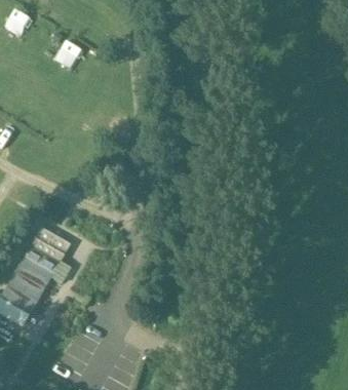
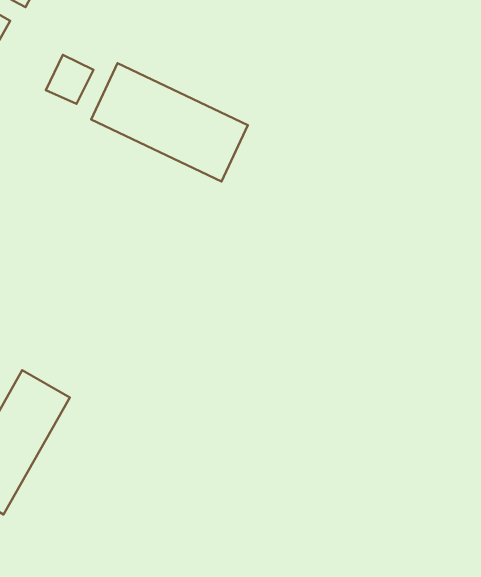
building: none -> [91,63,248,181]

